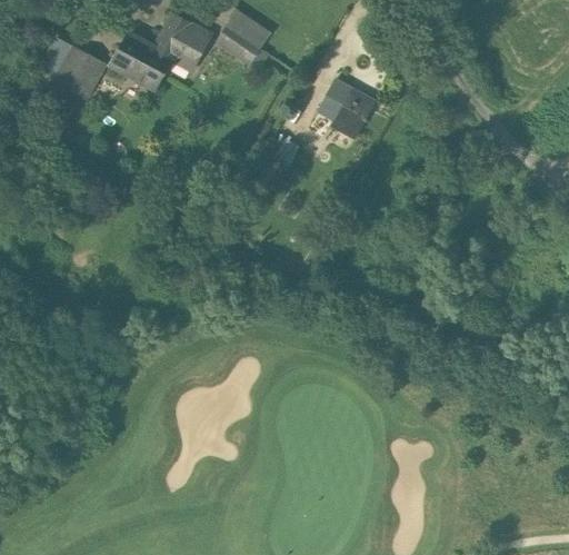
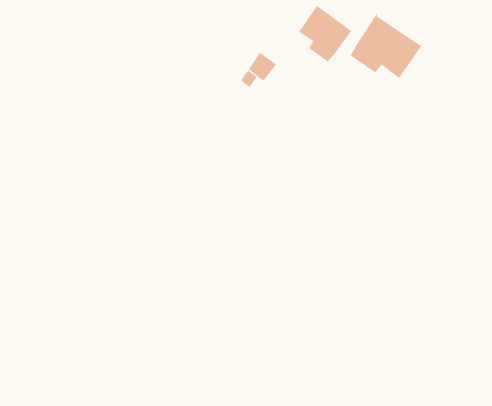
building: none -> [350,14,422,79]

